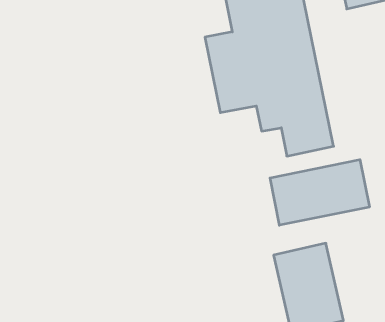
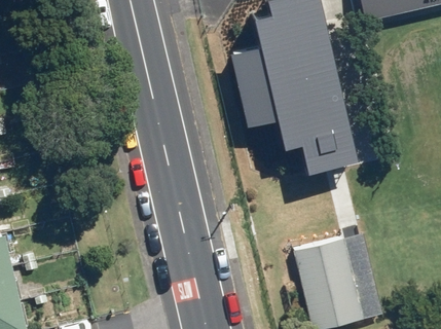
building: [270,160,369,225] -> none

